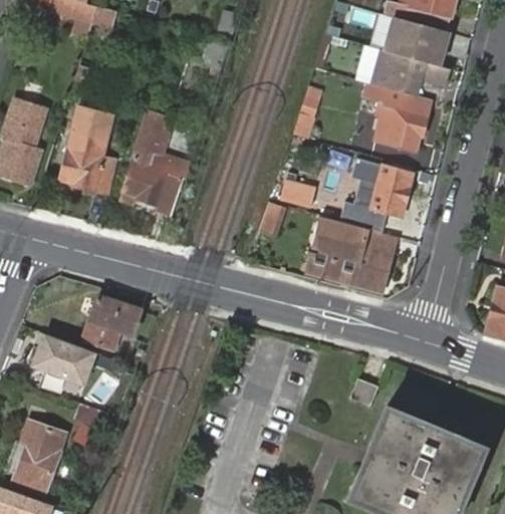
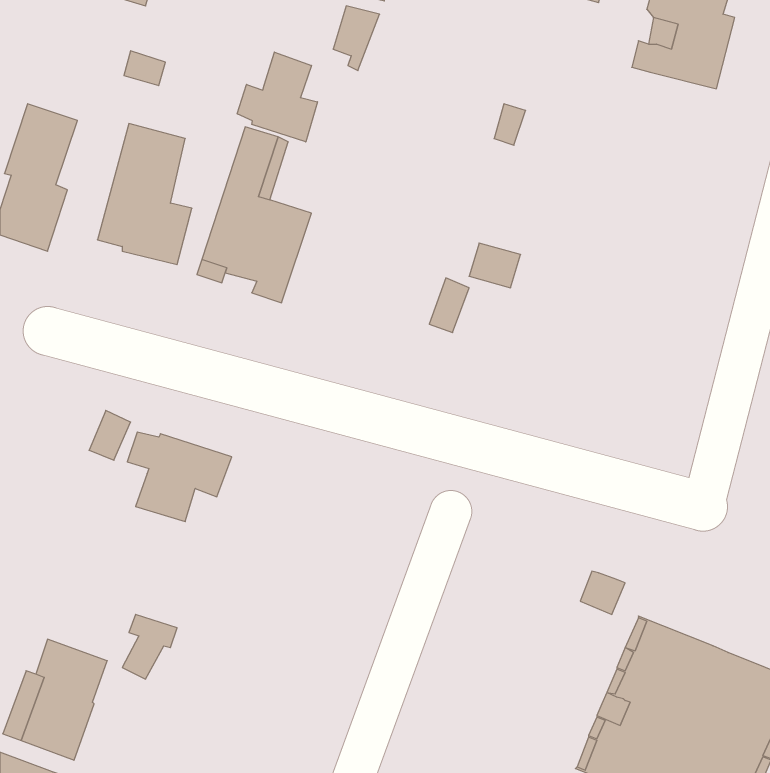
building: none -> [237,52,317,142]
building: [363,82,431,151] -> none
building: [354,160,414,217] -> none
building: [310,217,397,290] -> none
building: [30,332,95,384] -> none

